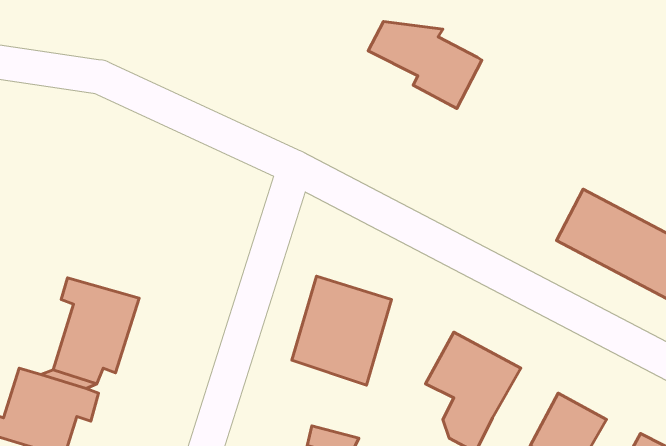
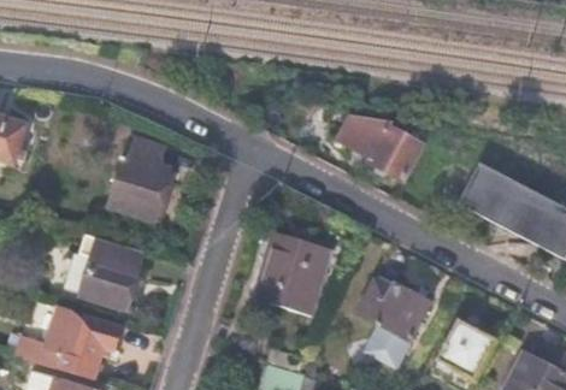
building: [368,21,482,109] -> [337,113,425,181]
building: none -> [104,136,165,223]

